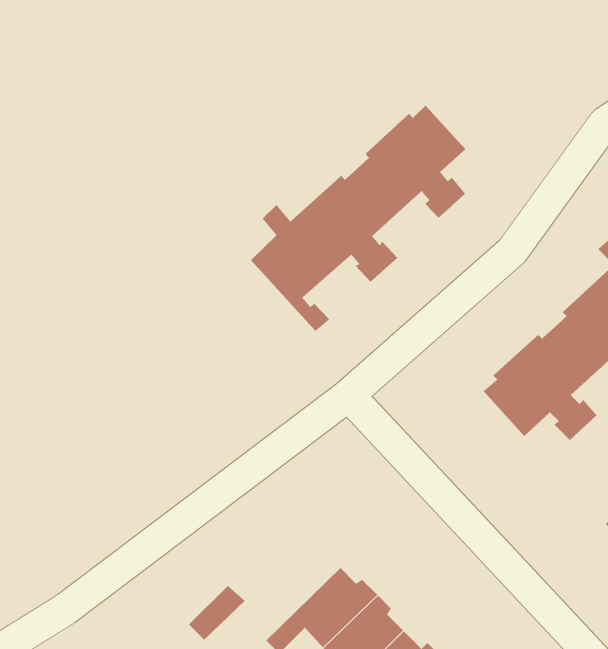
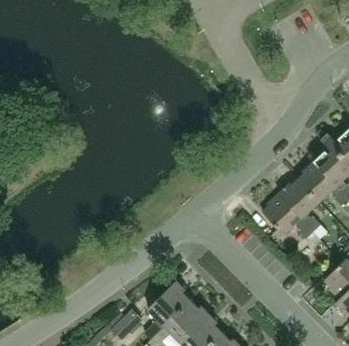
building: [250,105,466,332] -> none
building: none -> [146,281,190,338]

